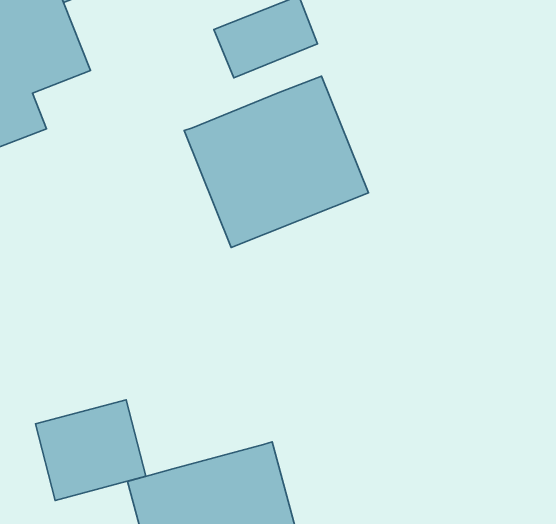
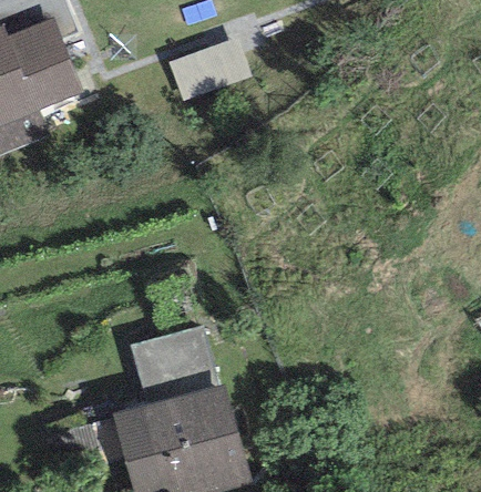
building: [184,76,369,247] -> none
building: [35,400,146,500] -> [130,326,216,404]

